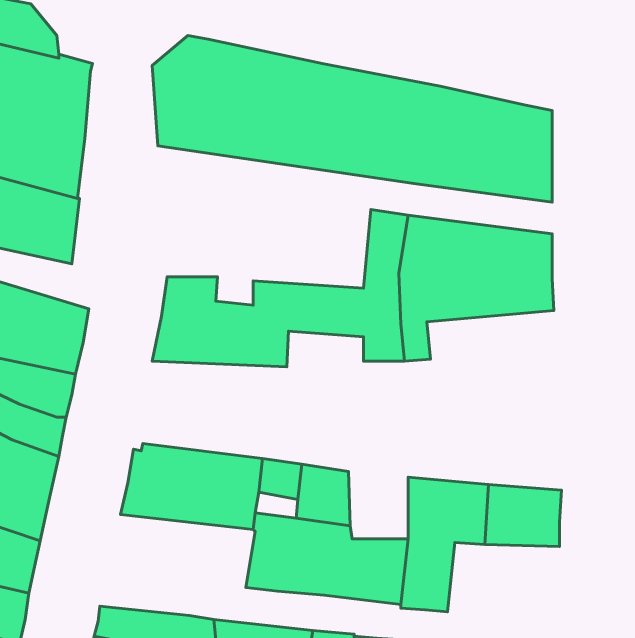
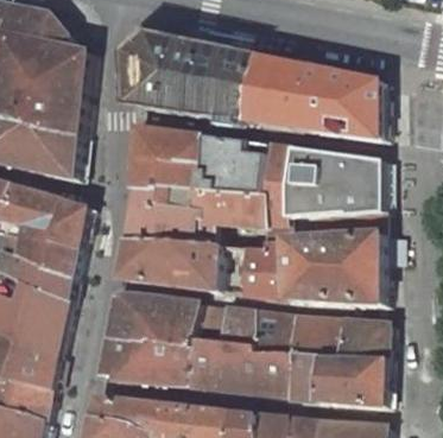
building: none -> [131,125,265,193]
building: none -> [240,208,382,304]
building: none -> [118,240,219,288]
building: none -> [251,310,289,353]
building: none -> [97,337,191,383]
building: none -> [314,355,385,405]

